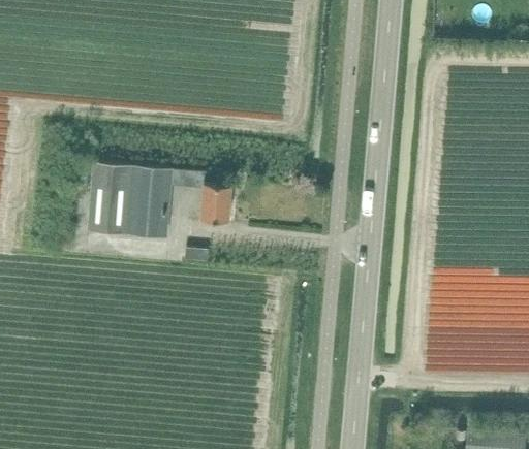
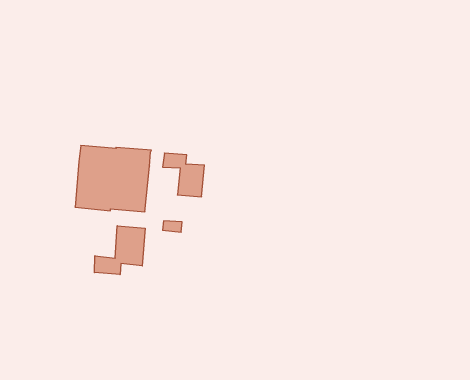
building: none -> [94,226,145,275]

